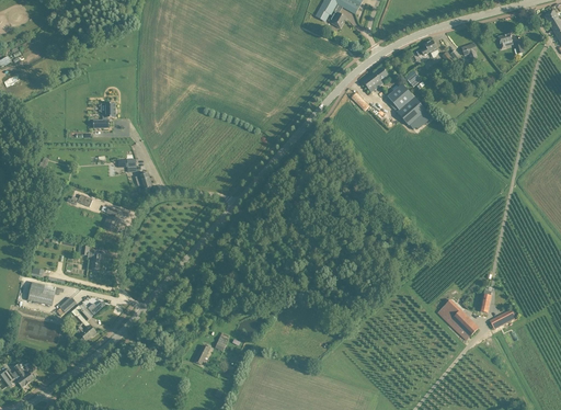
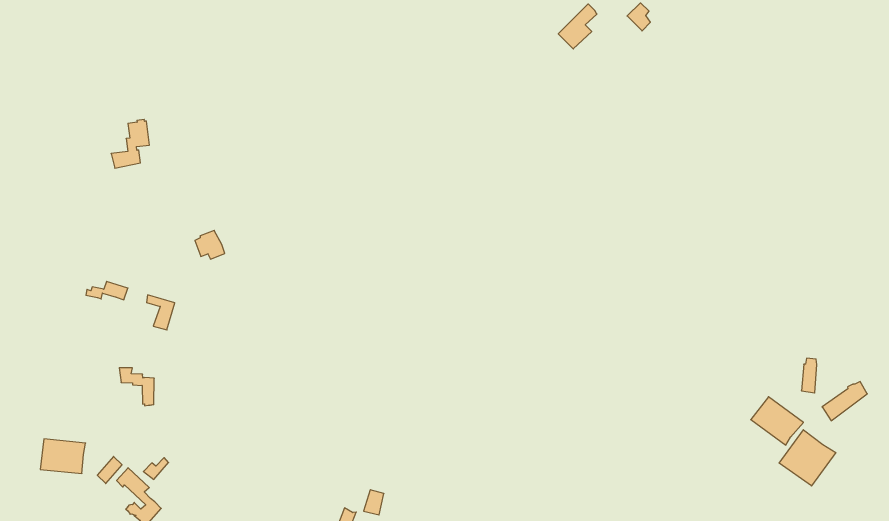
building: [387,83,430,129] -> none
building: none -> [779,430,836,486]

